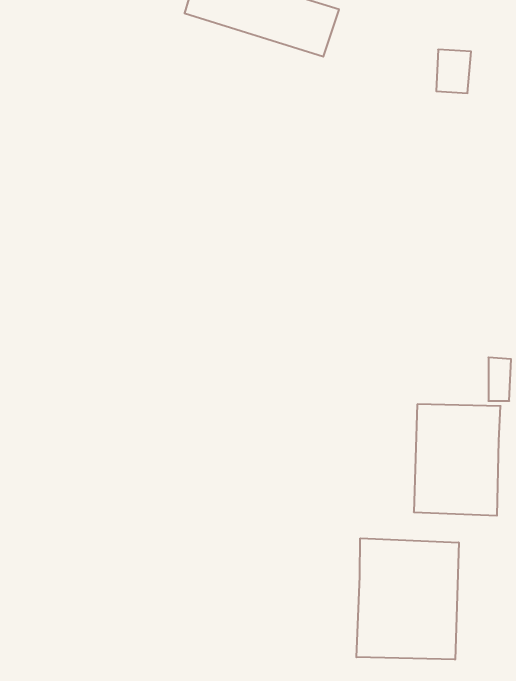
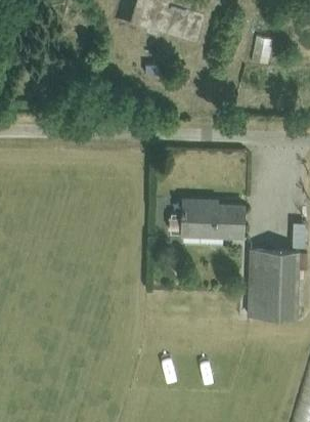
building: none -> [168,200,243,238]
building: [356,538,459,660] -> none

